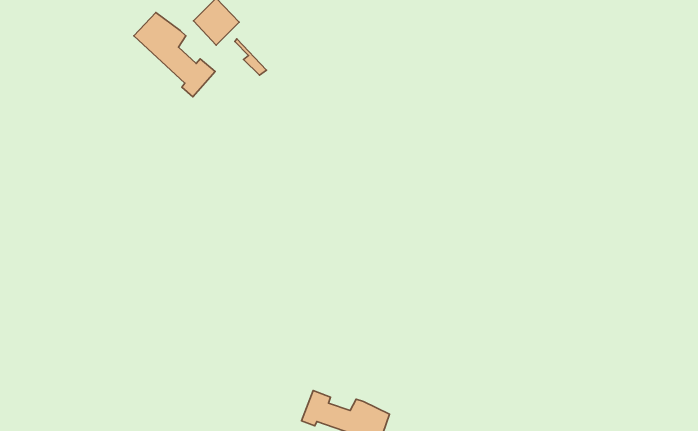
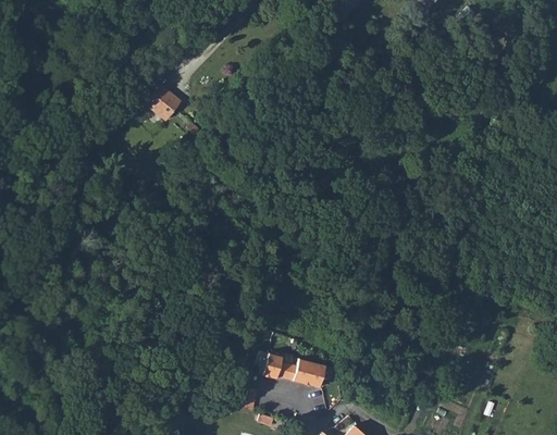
building: [134,13,215,97] -> none

